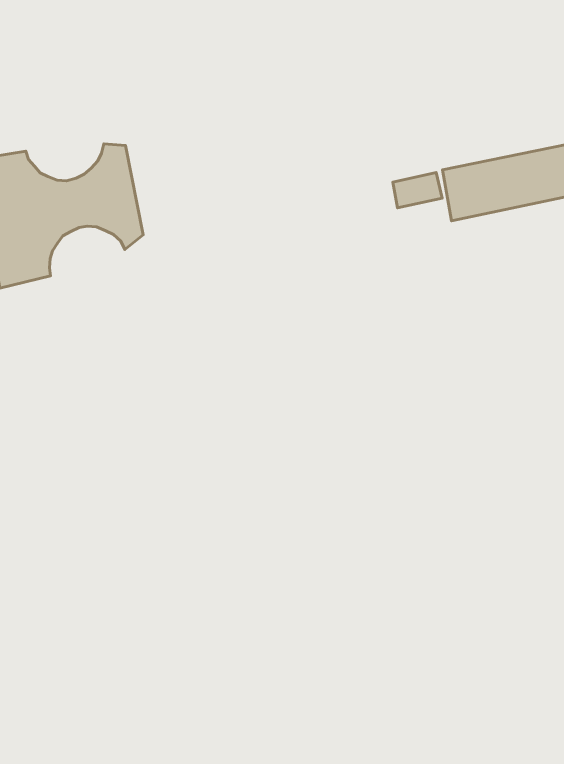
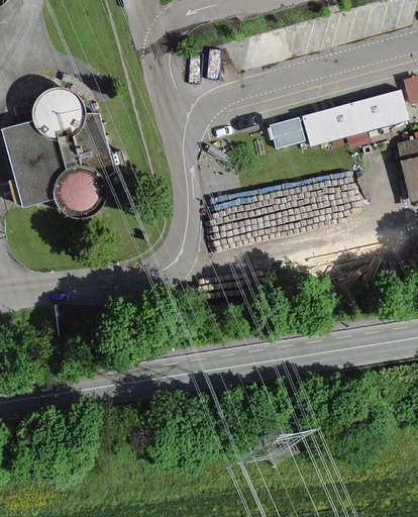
building: none -> [33,89,84,139]
building: none -> [55,168,105,218]

